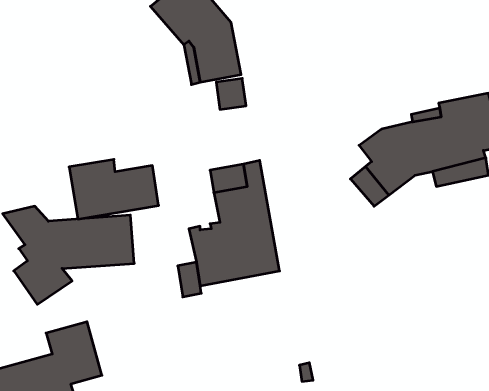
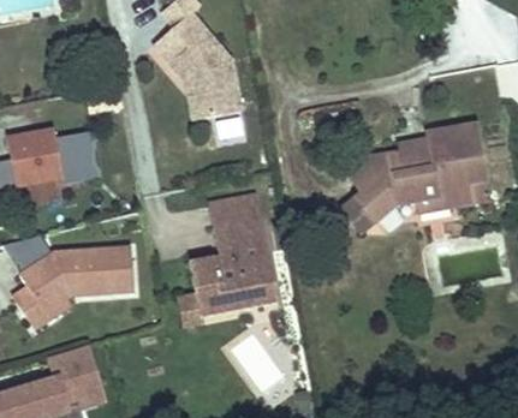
building: [69,159,159,219] -> [10,127,96,185]

